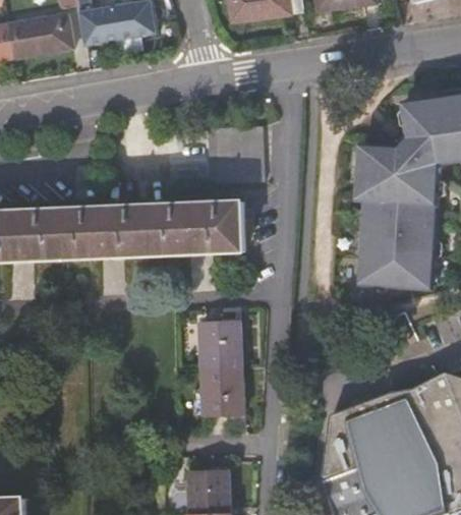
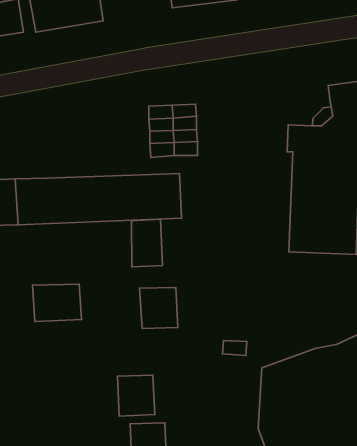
building: none -> [132,219,162,267]
building: none -> [33,284,81,321]
building: [200,369,241,414] -> [117,375,155,416]

